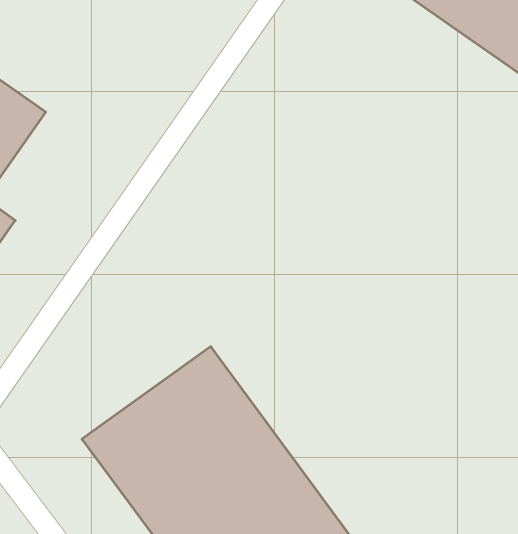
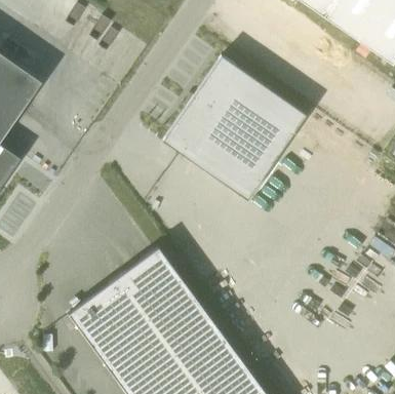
building: none -> [162,54,308,201]

